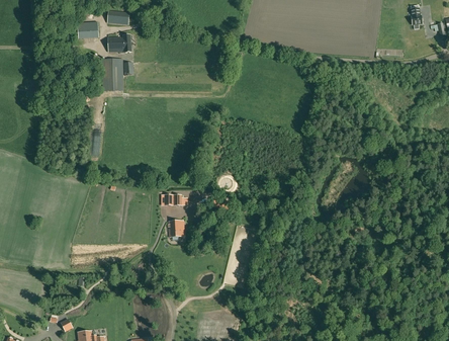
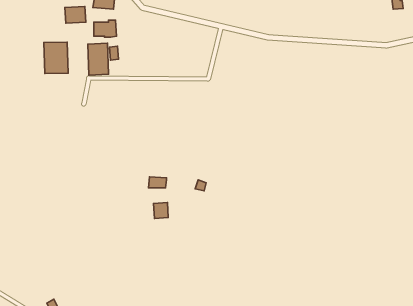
building: none -> [44,42,68,73]

